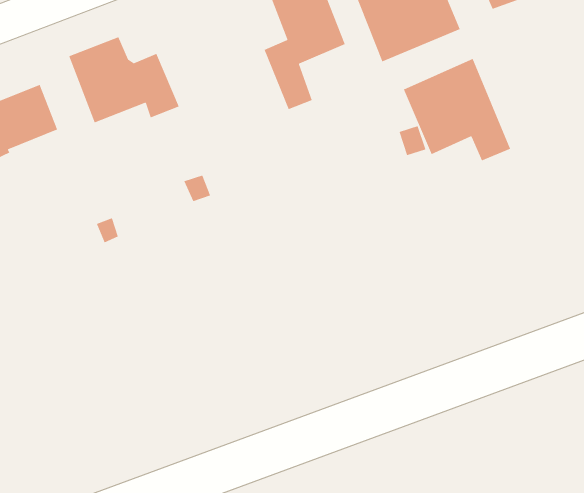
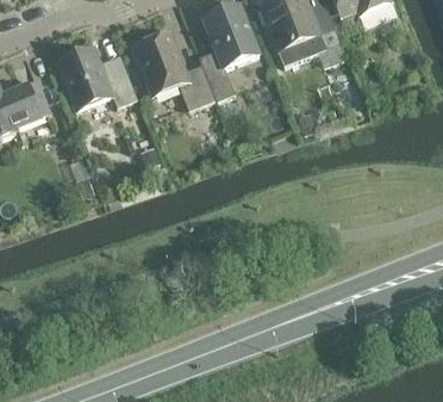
building: none -> [133,31,216,109]
building: [403,58,511,161] -> none

